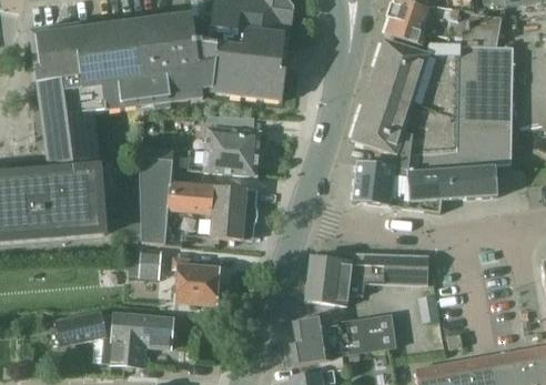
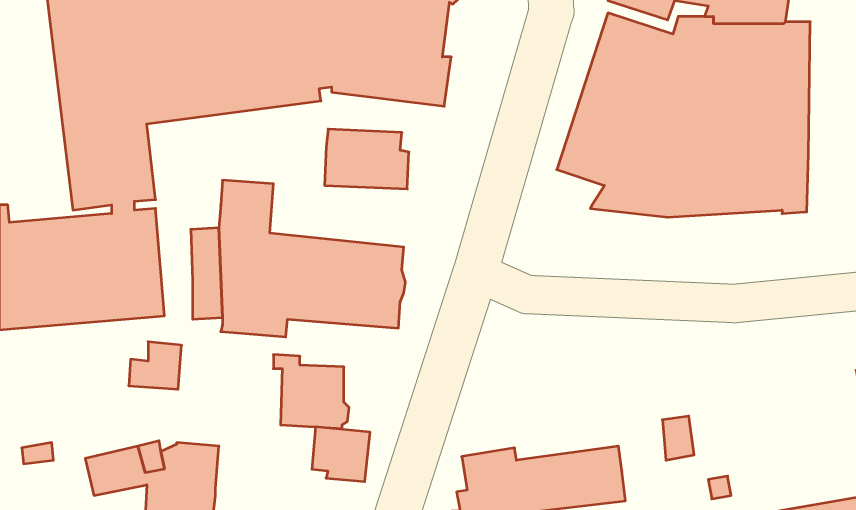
building: [191,150,259,173] -> none
building: [352,161,496,213] -> none
building: [129,247,162,277] -> [129,342,182,389]
building: [310,253,428,304] -> none
building: [138,314,174,348] -> [312,427,370,482]

